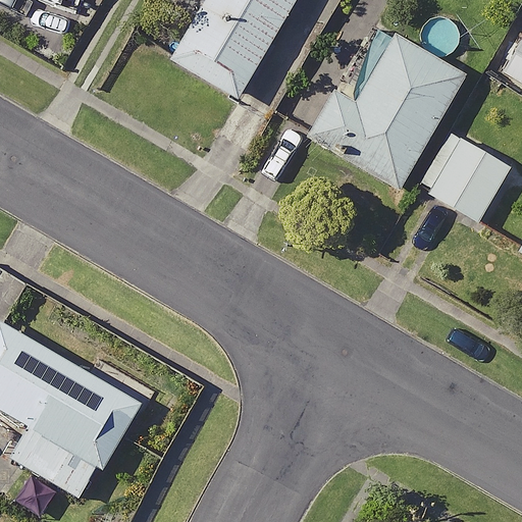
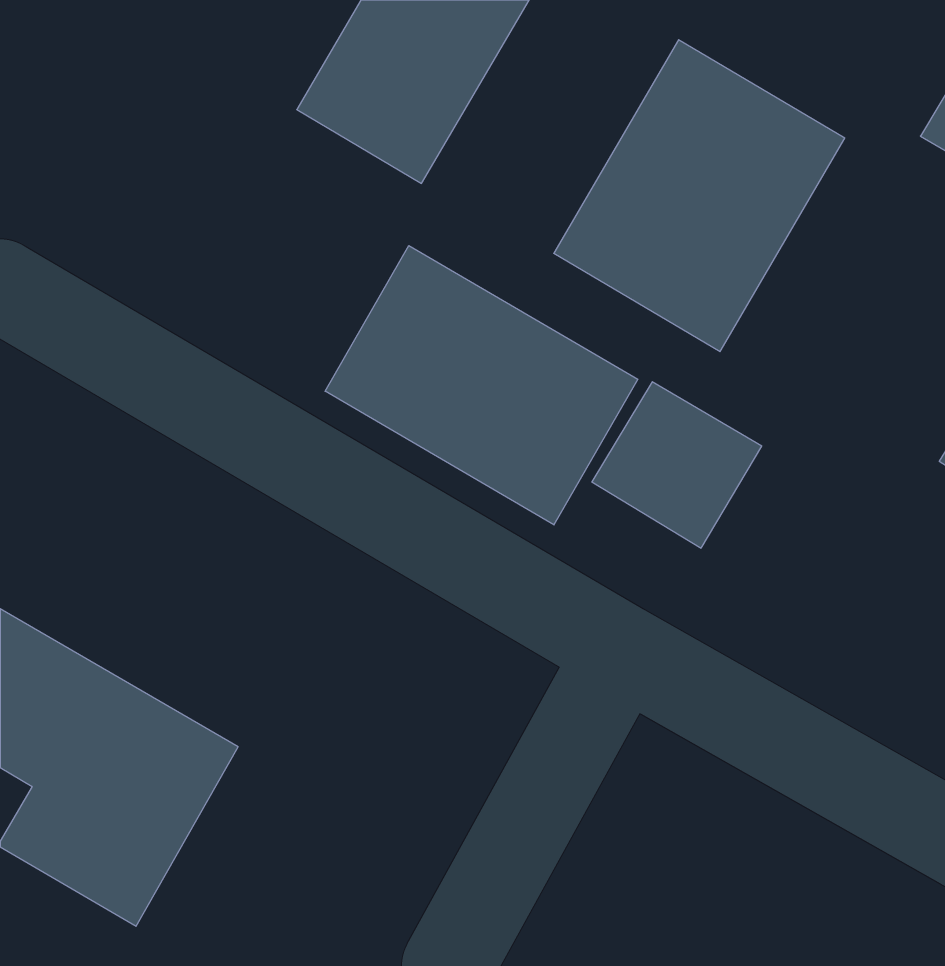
building: none -> [325,246,638,525]
building: [421,133,513,222] -> [592,382,762,548]

